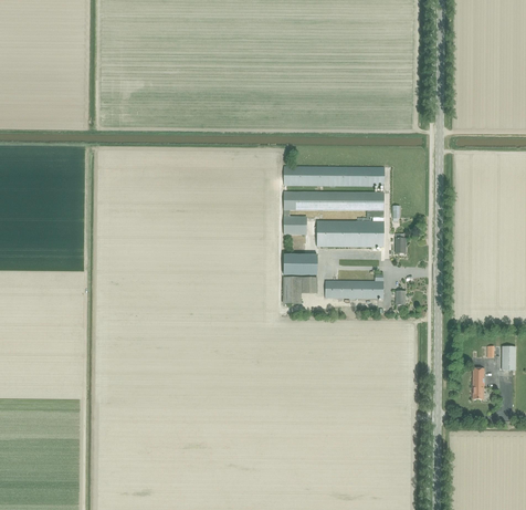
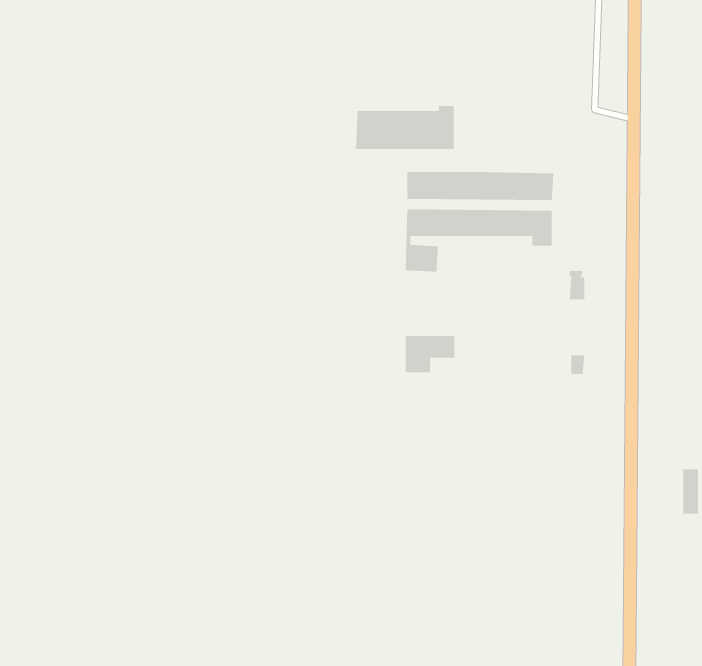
building: [316,217,383,247] -> [355,106,454,149]
building: [283,251,317,275] -> none
building: [325,281,383,299] -> none

